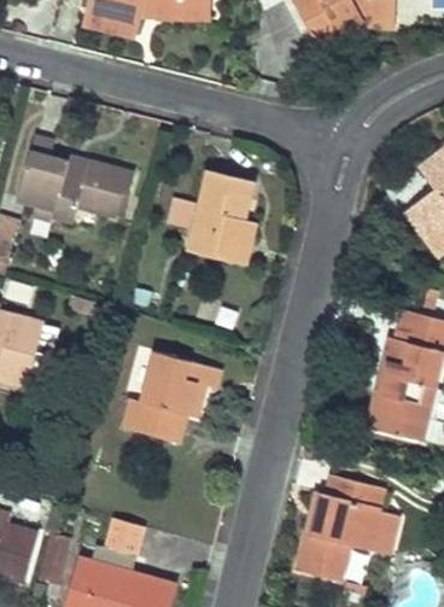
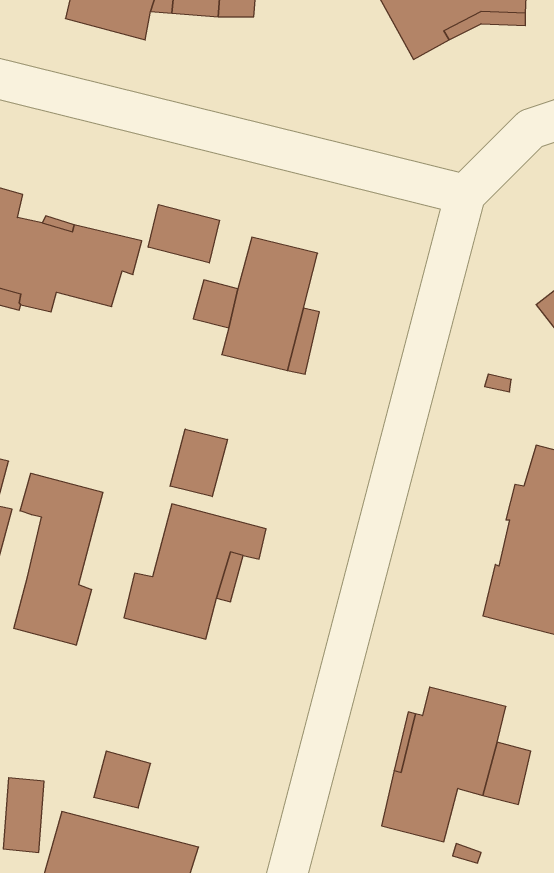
building: none -> [148,205,219,263]
building: none -> [170,429,227,497]
building: none -> [14,473,103,645]

